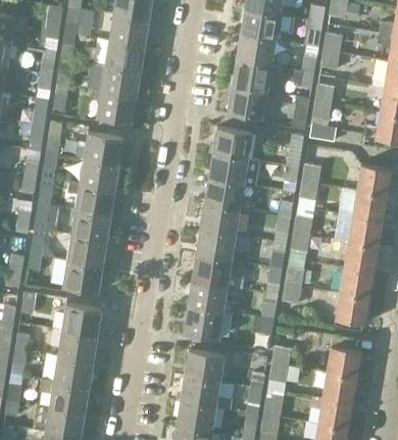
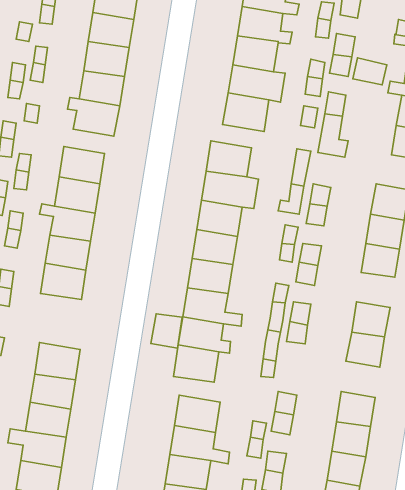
building: [344,243,378,274] -> none
building: [63,261,103,293] -> none
building: none -> [151,314,182,348]

